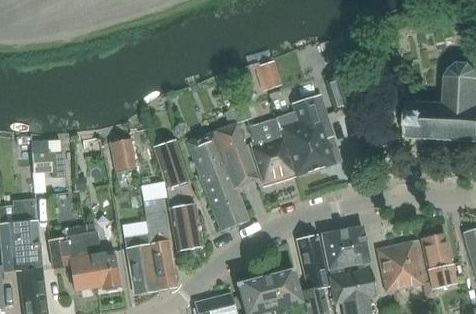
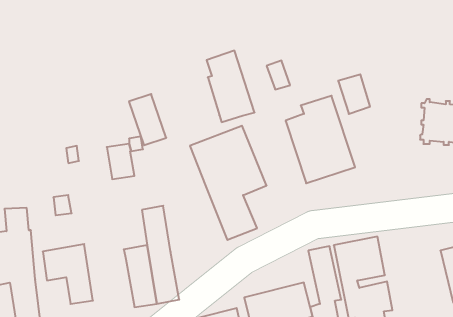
building: [250,118,295,185] -> [207,51,255,122]
building: [154,139,189,187] -> [129,94,166,145]
building: [29,140,64,173] -> none
building: [167,193,203,251] -> none
building: [87,231,120,290] -> none
building: [376,240,422,290] -> none

